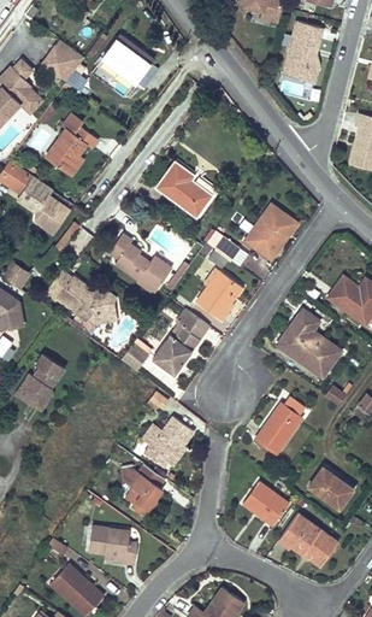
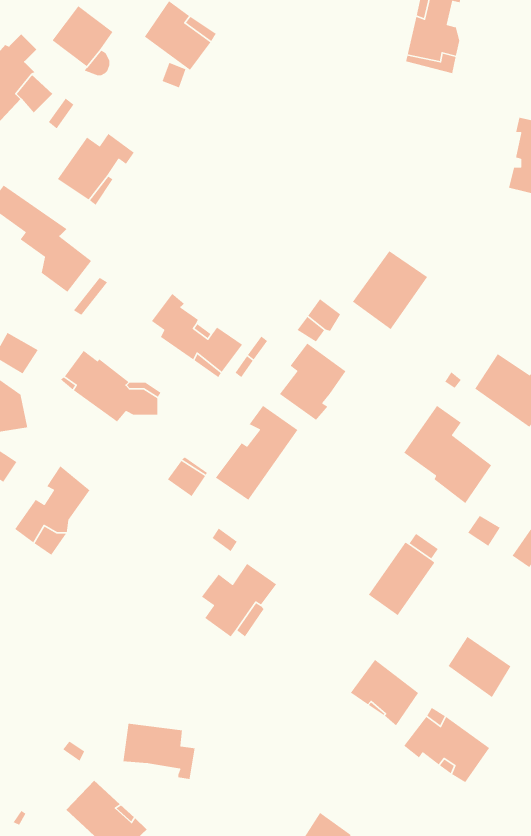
building: [158,163,211,215] -> none
building: [126,464,166,512] -> none

